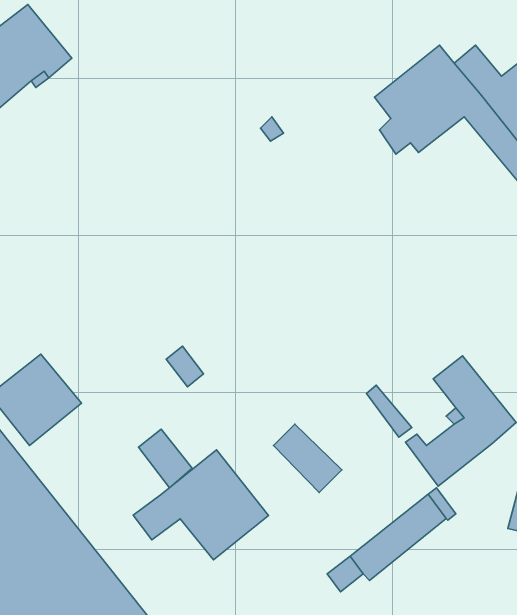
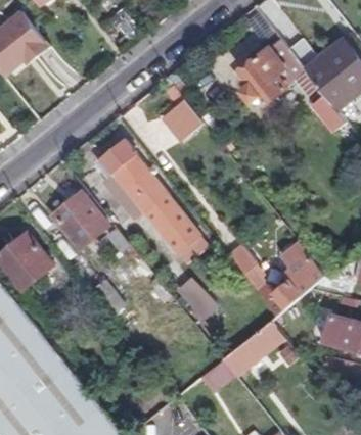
building: none -> [162,98,201,138]
building: none -> [99,138,198,252]
building: none -> [52,193,106,248]
building: [133,450,269,560] -> none

